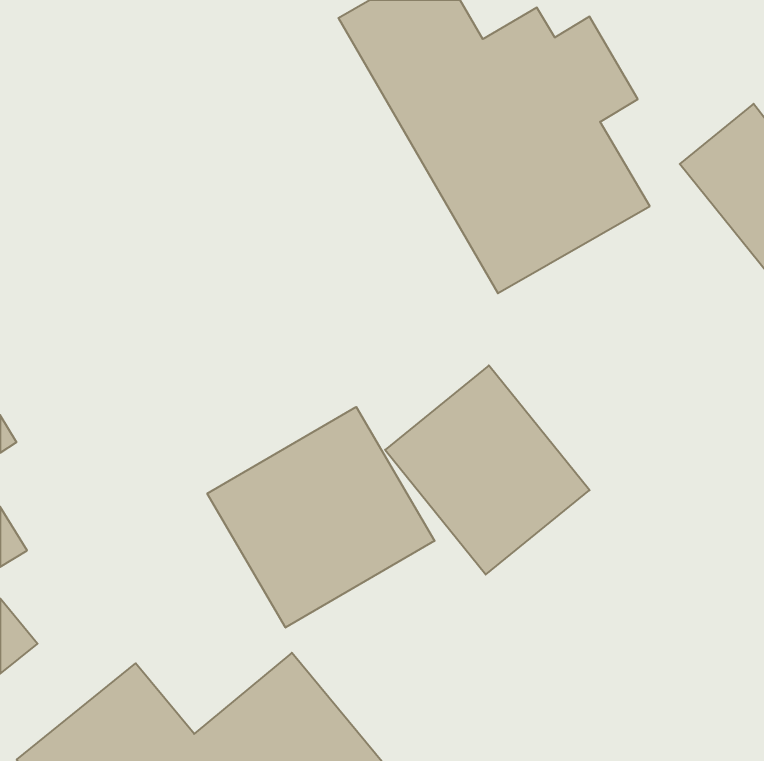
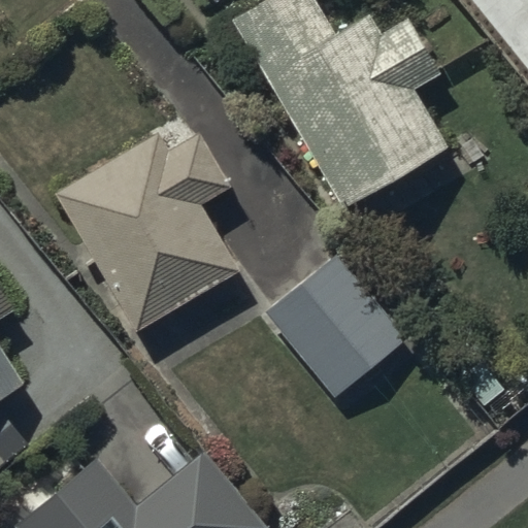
building: none -> [54,130,240,331]
building: [207,407,435,628] -> none

